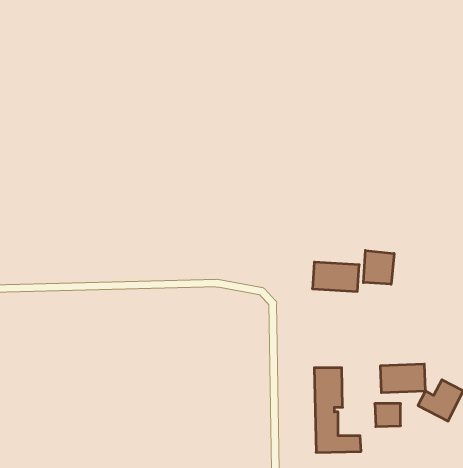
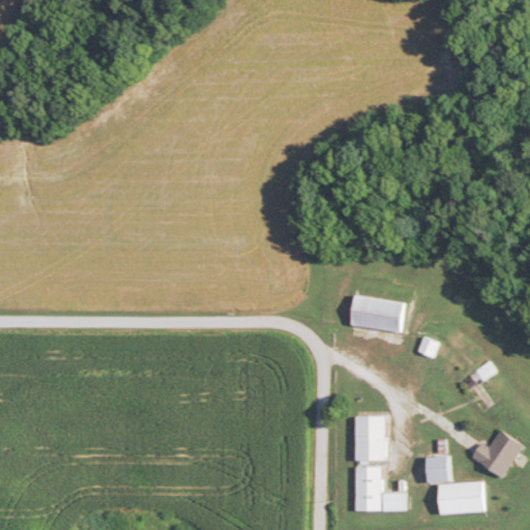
building: [363,250,394,284] -> none
building: [380,364,425,393] -> [436,481,487,513]

